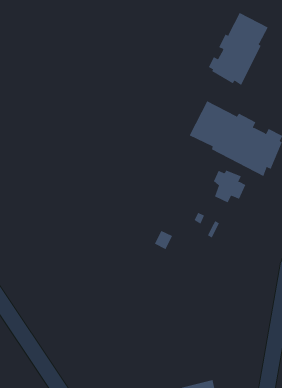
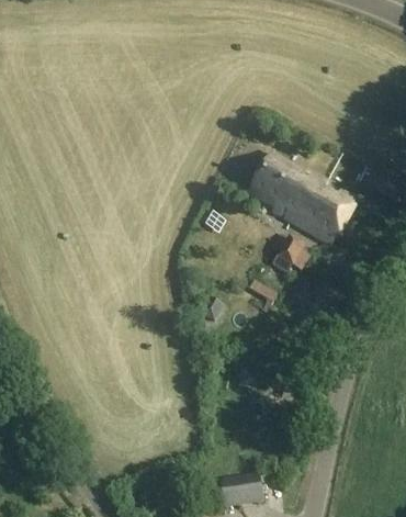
building: [208,12,269,86] -> none

